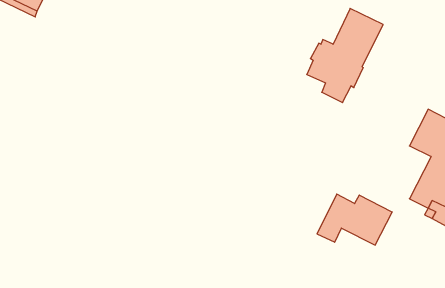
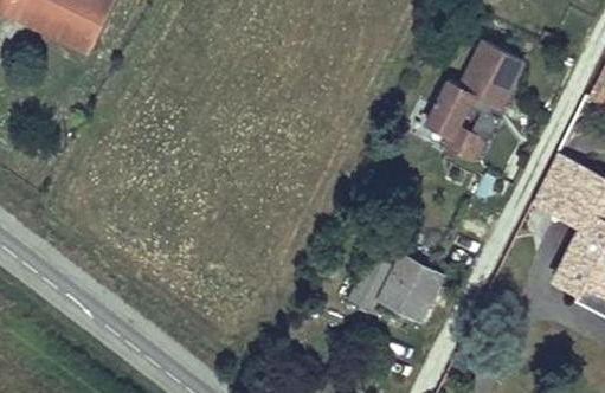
building: none -> [533,155,580,213]
building: [317,194,392,245] -> [348,253,443,317]

